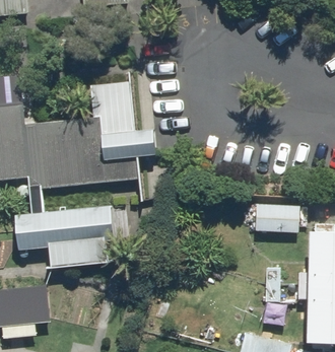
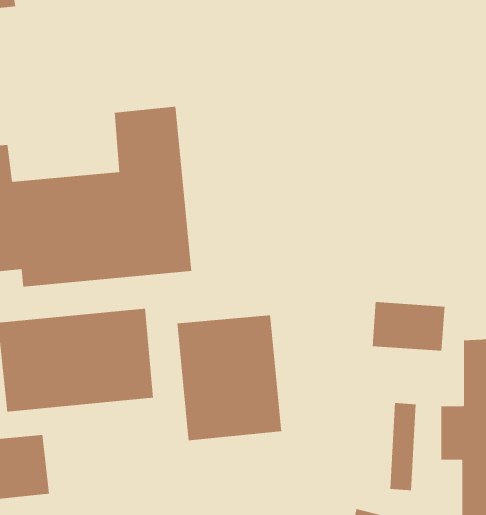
building: none -> [177,314,282,441]

